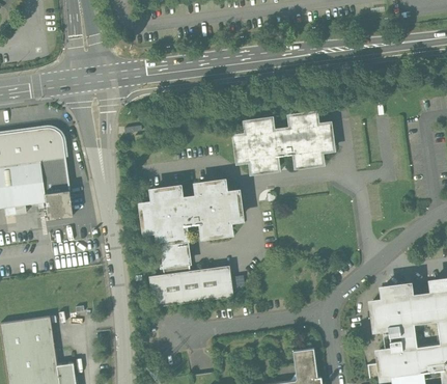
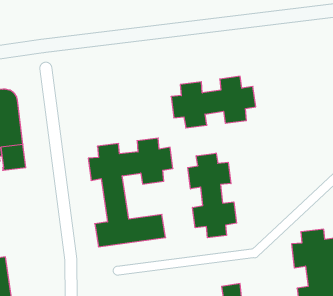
building: none -> [188,153,237,238]

